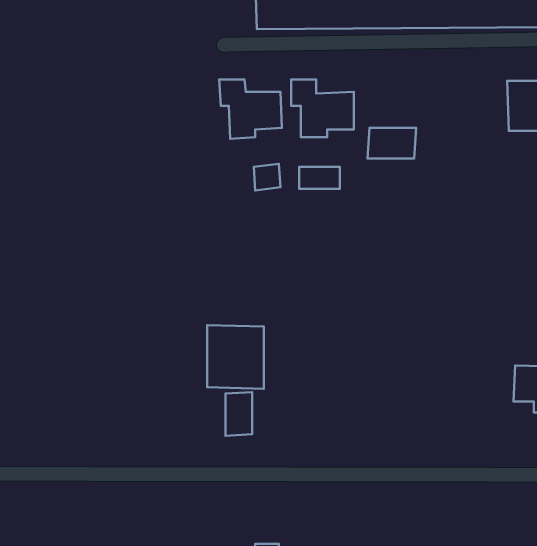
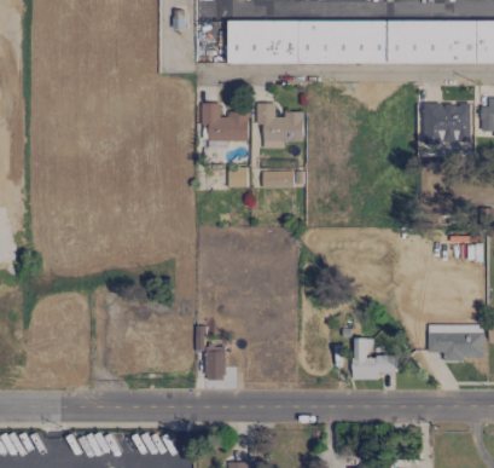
building: [368,128,416,159] -> none
building: [207,325,264,389] -> none
building: none -> [353,337,396,380]

